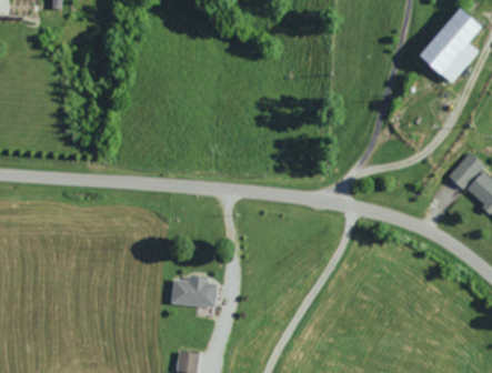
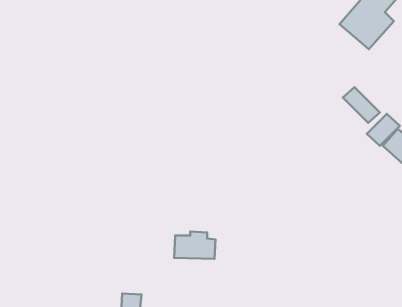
building: none -> [343,87,380,123]
building: [171,275,217,305] -> [174,232,215,259]

